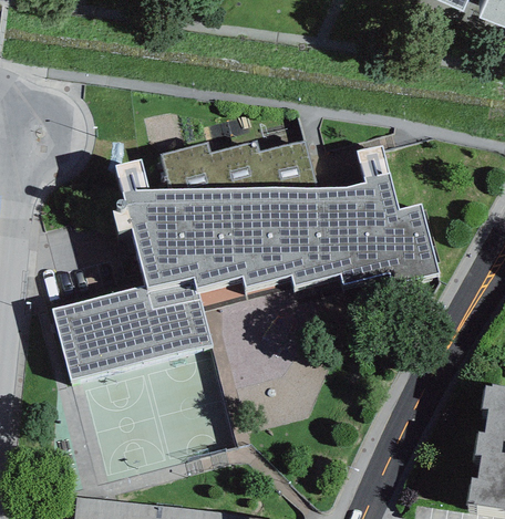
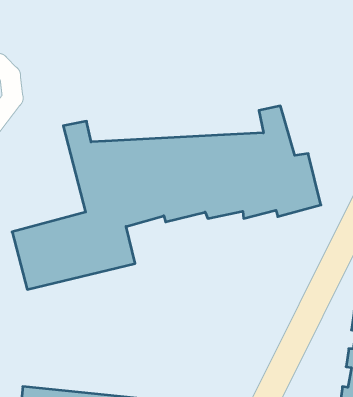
building: [161,142,319,196] -> none

